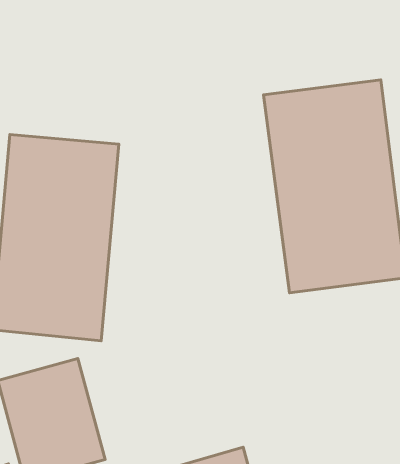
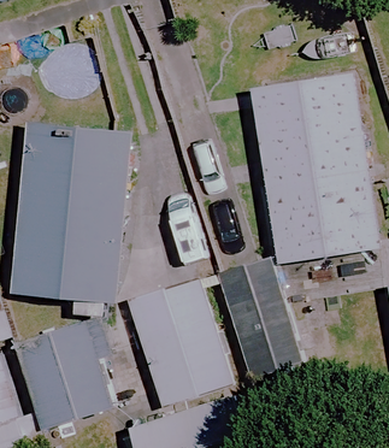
building: none -> [218,260,300,377]
building: none -> [130,283,231,405]

